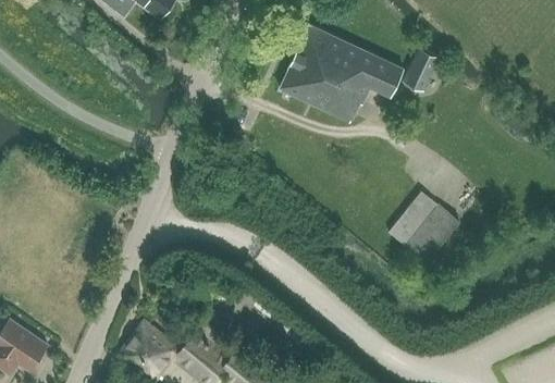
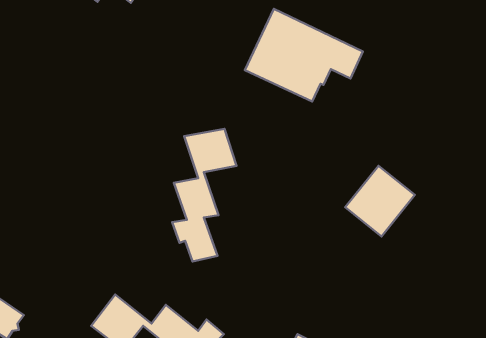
building: [403,49,439,91] -> none
building: none -> [172,129,236,261]

